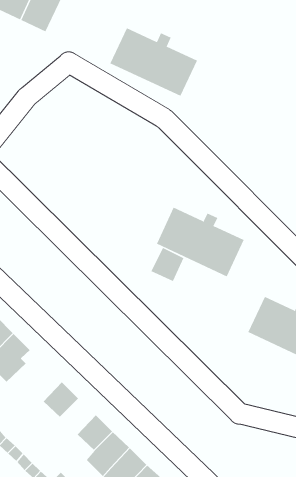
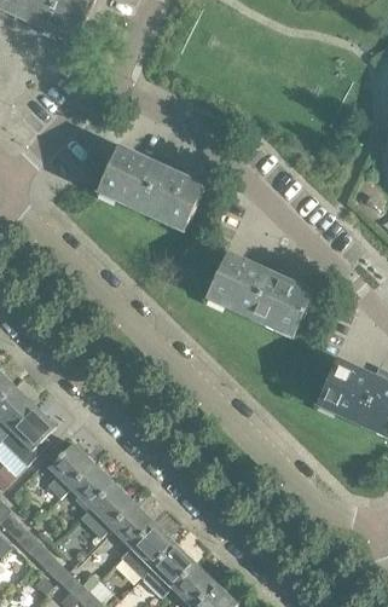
building: [109,27,198,97] -> [97,148,203,231]
building: [151,247,184,282] -> none
building: none -> [46,443,92,498]
building: none -> [80,484,133,537]

